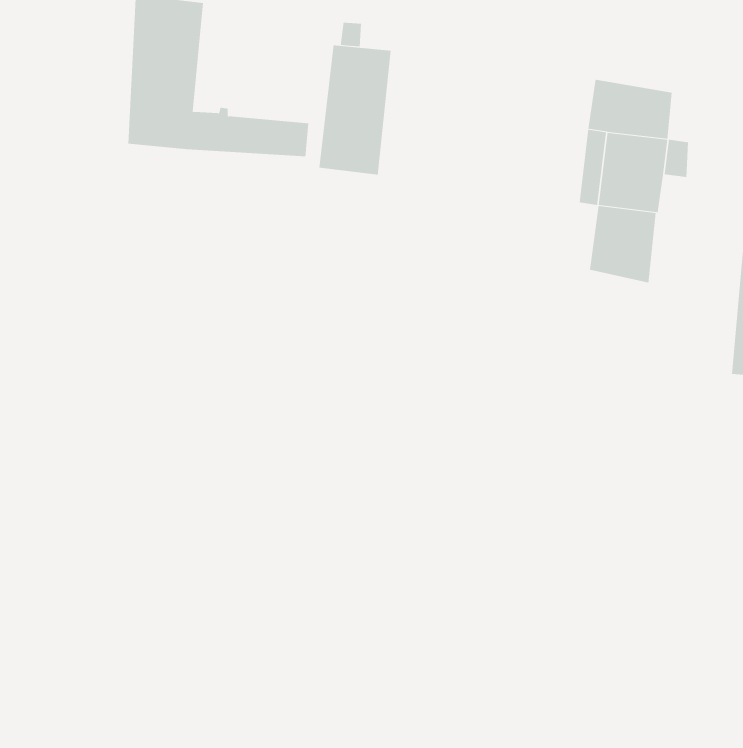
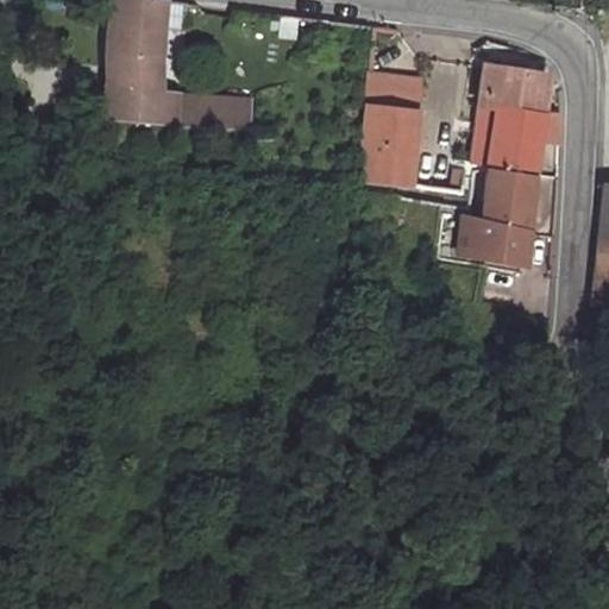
building: [318,45,392,175] -> [360,76,420,182]
building: none -> [458,214,532,263]

